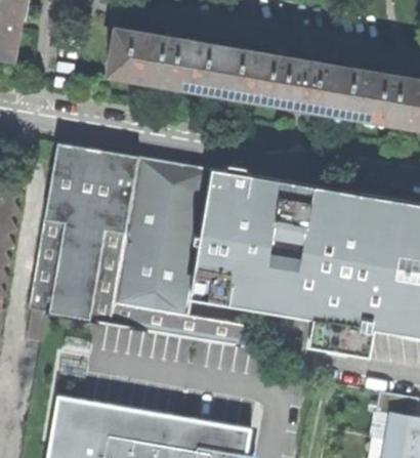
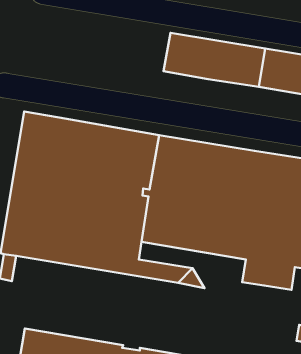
building: [107,32,227,95] -> none

